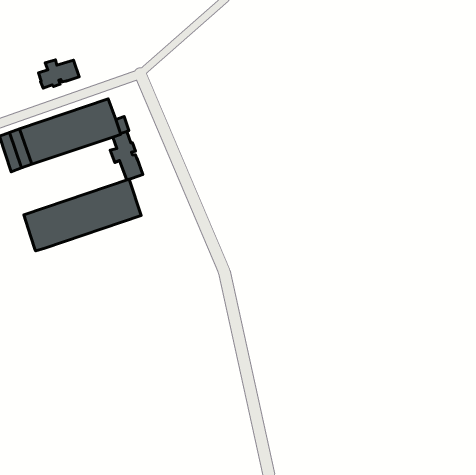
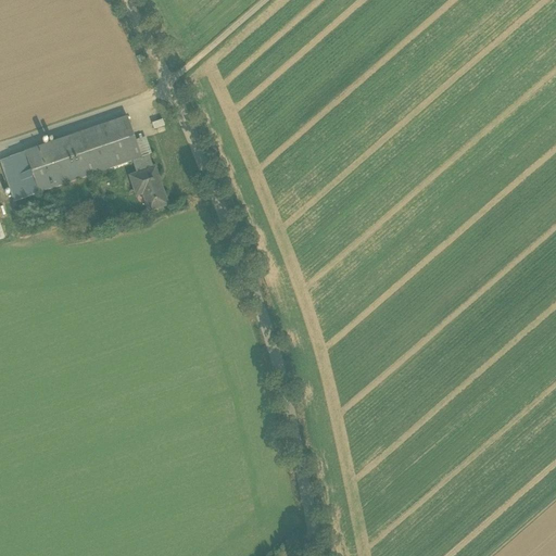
building: [39,60,79,88] -> none
building: [24,179,141,251] -> none

